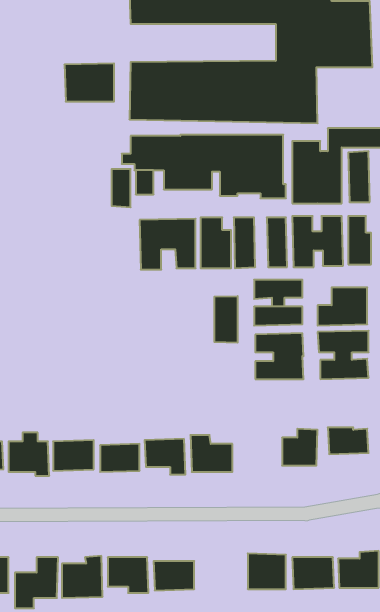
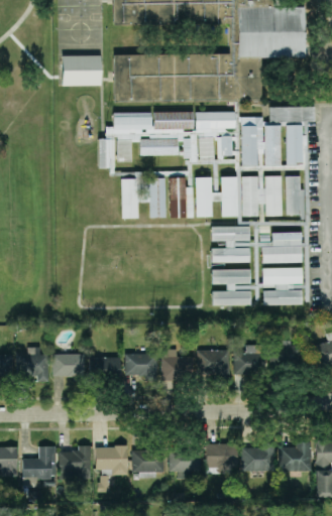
building: [214,296,238,343] -> none
building: none -> [199,350,230,376]
building: none -> [170,448,201,472]

